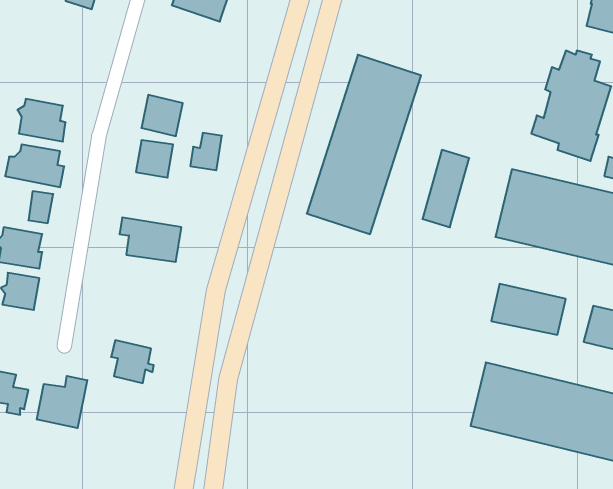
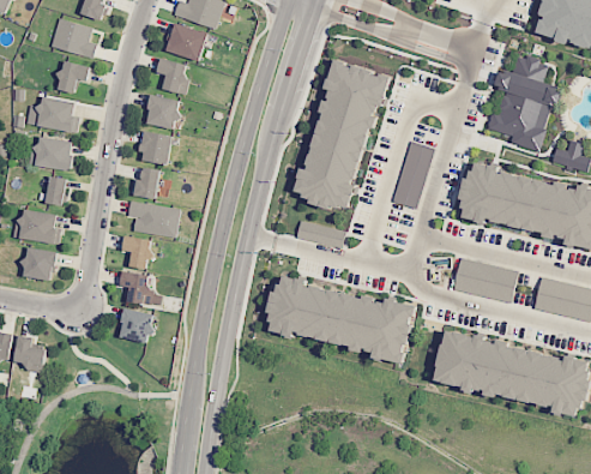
building: none -> [52,19,97,58]
building: none -> [168,23,209,61]
building: none -> [157,58,188,94]
building: none -> [58,62,91,94]
building: [190,133,222,170] -> [135,167,163,199]
building: none -> [294,220,343,248]
building: none -> [125,236,157,269]
building: none -> [120,270,155,306]
building: none -> [266,274,417,364]
building: [37,376,87,428] -> none

